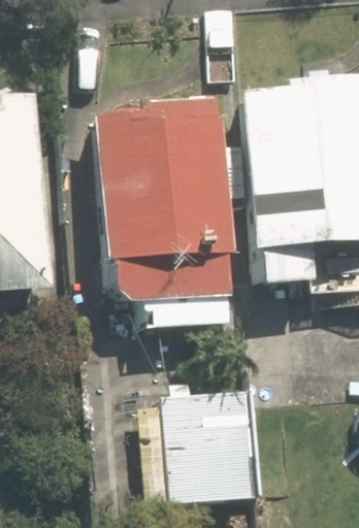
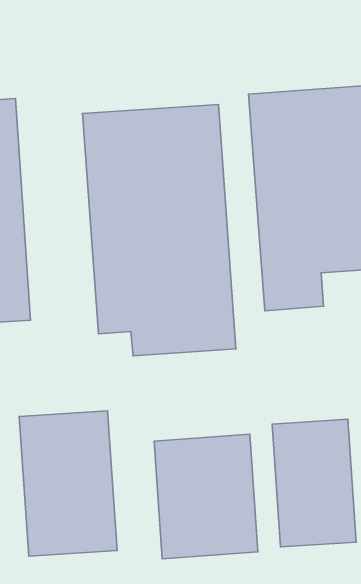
building: none -> [19,411,117,556]
building: none -> [272,419,356,547]

